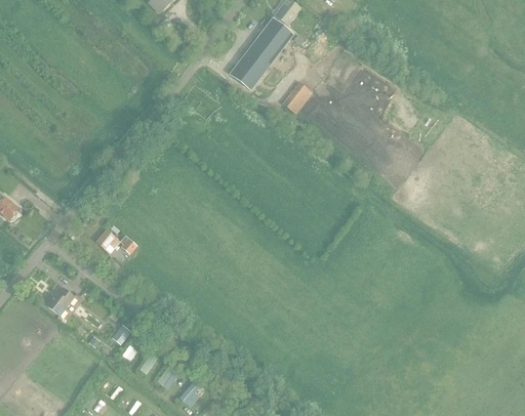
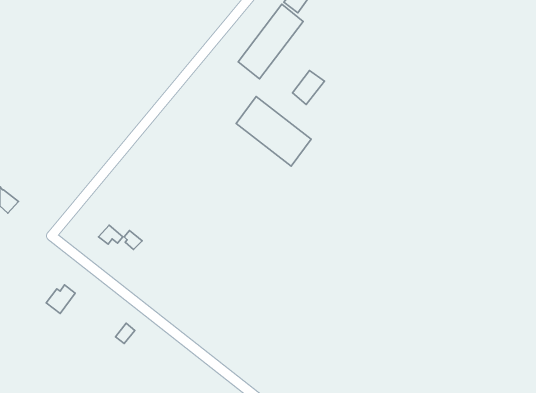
building: none -> [236,97,311,166]

